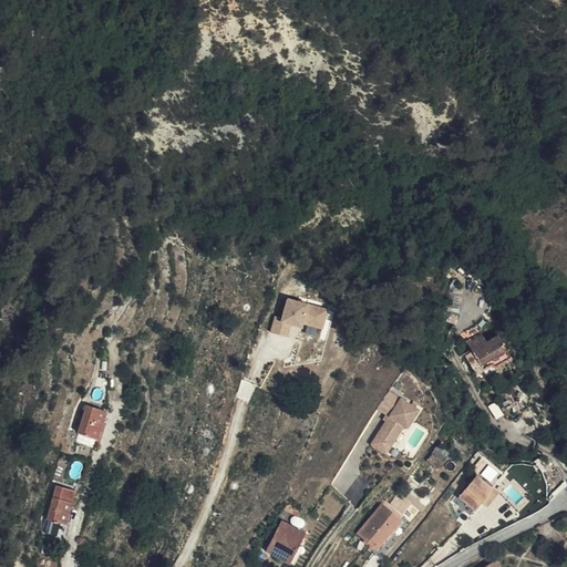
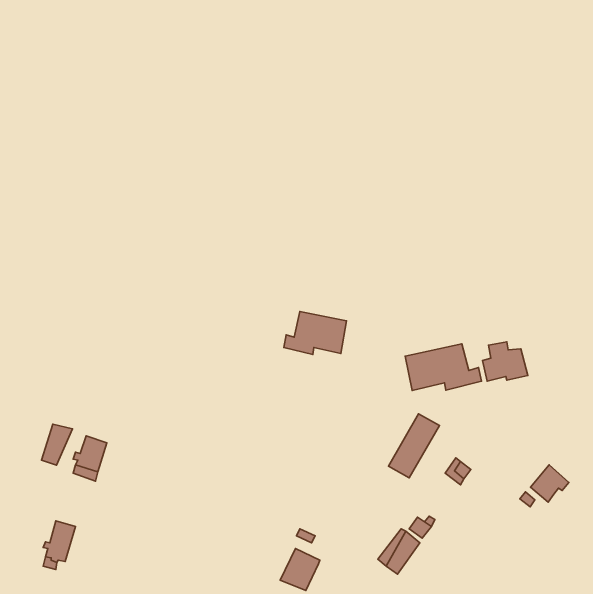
building: none -> [405,344,481,391]
building: none -> [41,424,73,465]
building: [458,472,495,507] -> [531,465,569,502]

